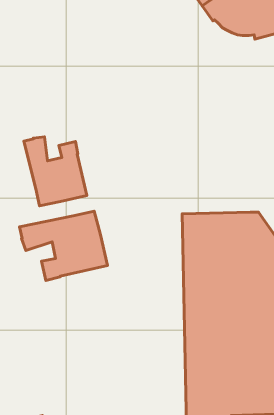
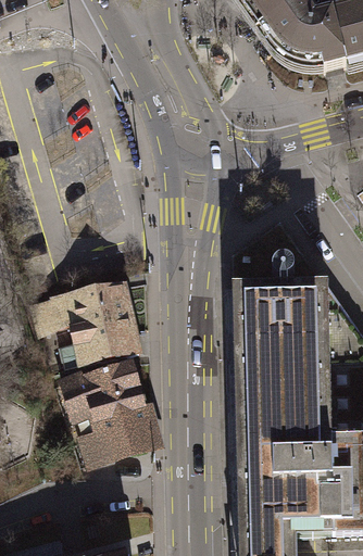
building: [24,137,87,206] -> none
building: none -> [63,358,157,459]

